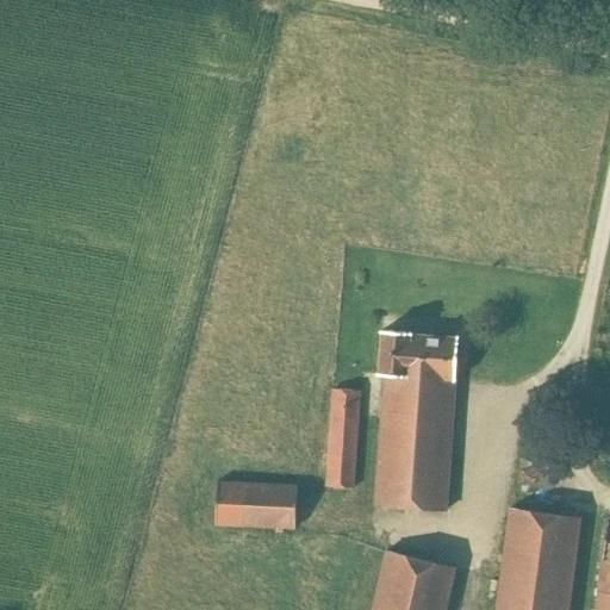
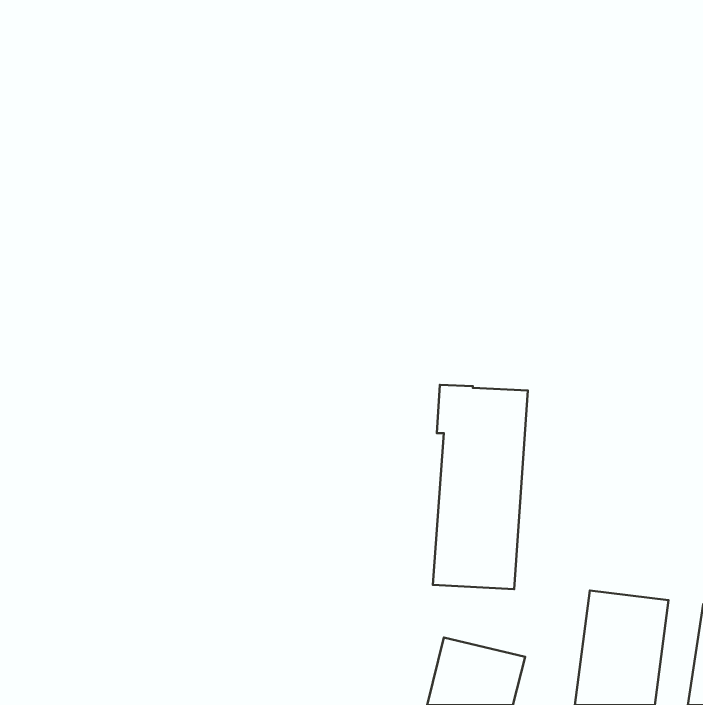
building: [326,390,362,486] -> none
building: [216,483,295,530] -> none

